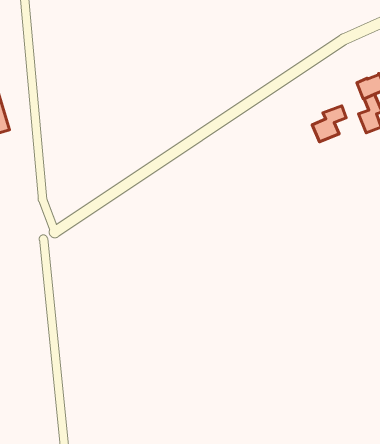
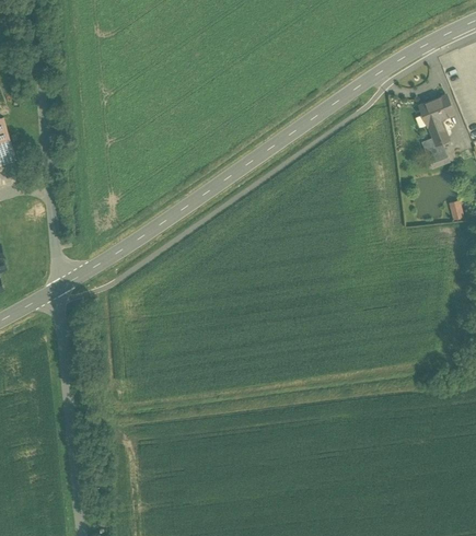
building: [312,106,346,142] -> none

